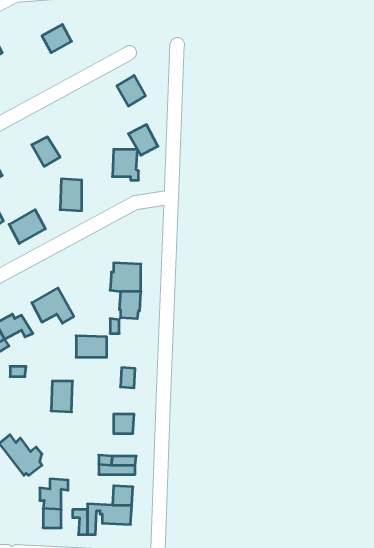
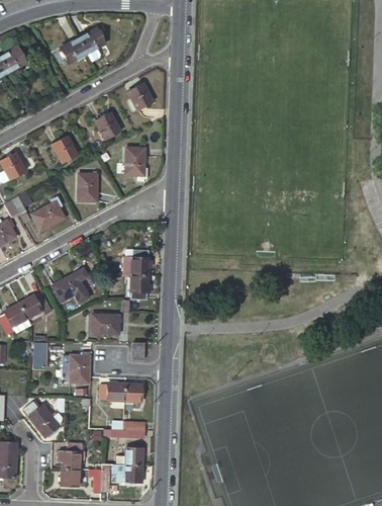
building: none -> [79,26,106,52]
building: [128,125,158,155] -> [94,112,120,140]
building: none -> [100,383,124,401]

